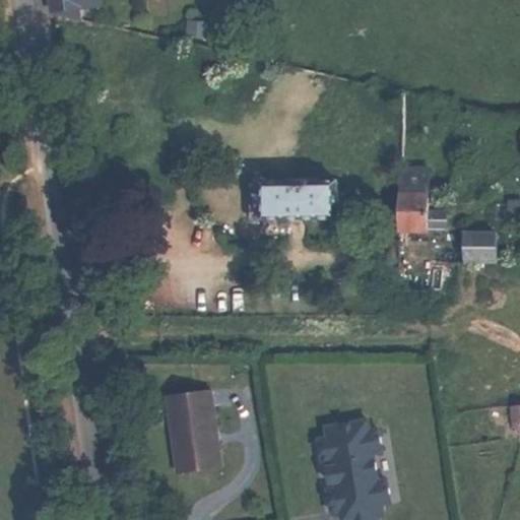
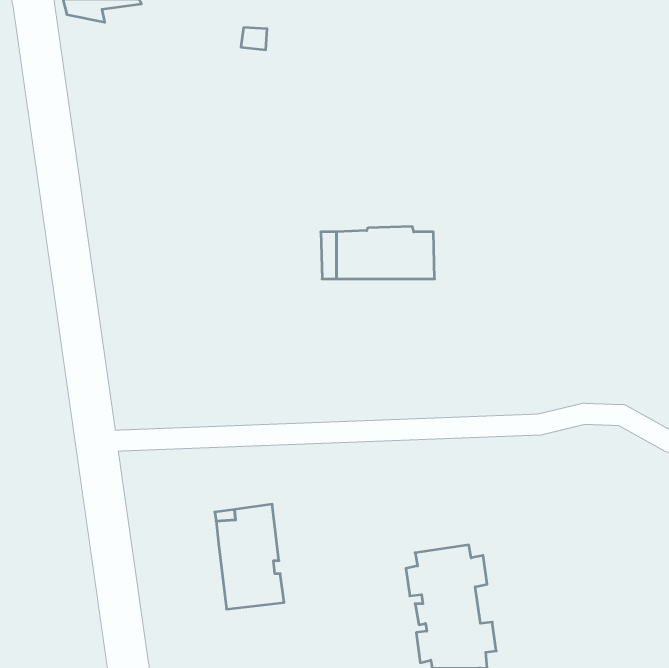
building: [399,168,447,229] -> none
building: [464,233,497,262] -> none

